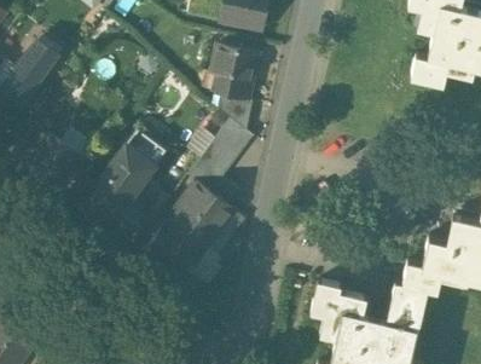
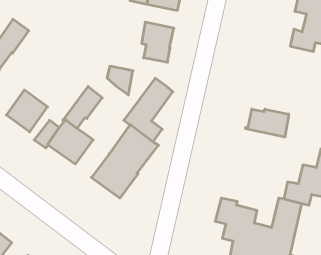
building: [216,94,251,133] -> [107,66,133,95]
building: none -> [246,109,289,137]

